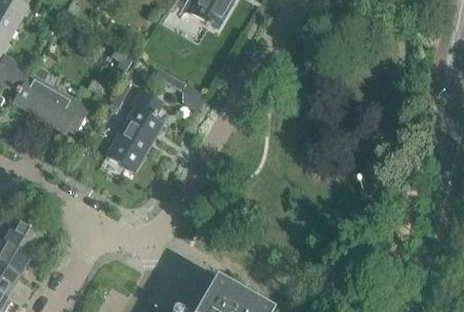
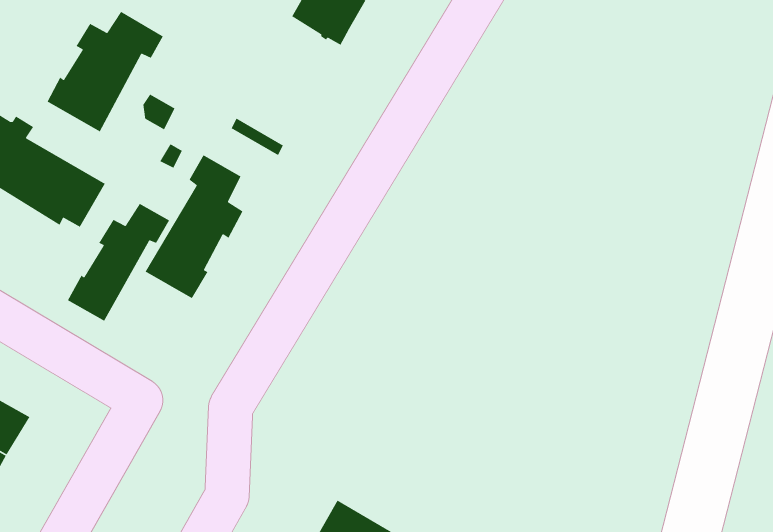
building: none -> [47,11,164,133]
building: none -> [67,203,170,322]

